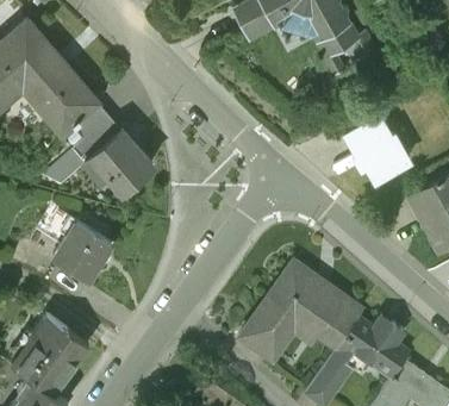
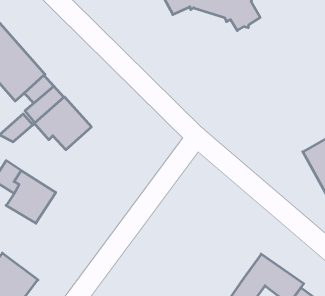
building: [344,114,407,180] -> none
building: [239,261,362,361] -> none

